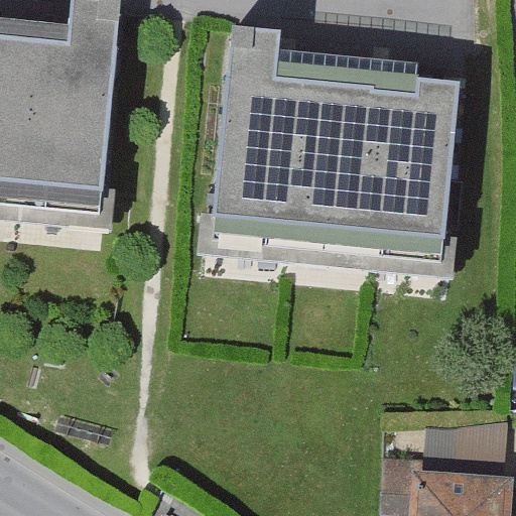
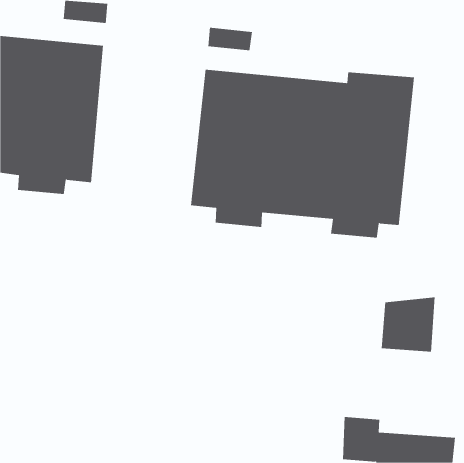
building: [444,423,505,485] -> [381,297,435,352]

